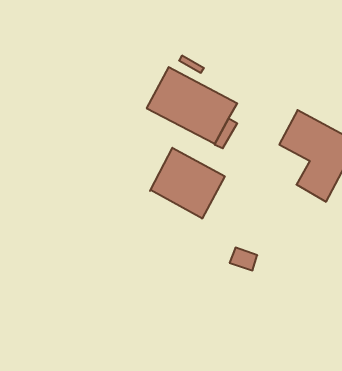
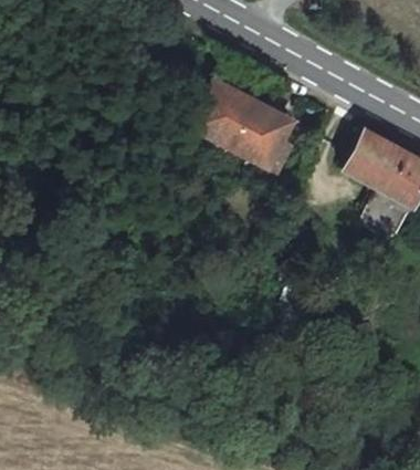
building: [150,148,225,219] -> none

